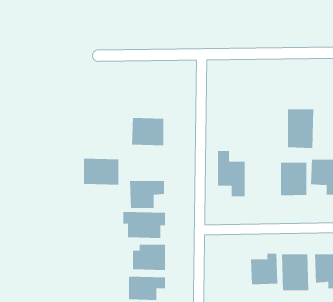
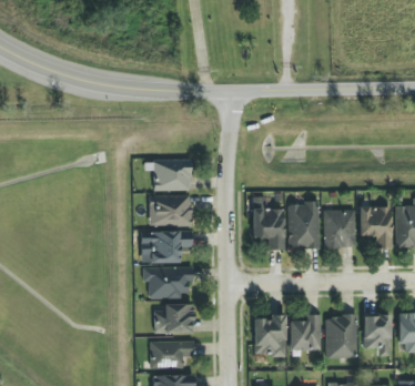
building: [287,109,314,148] -> [289,203,320,248]
building: [83,158,119,185] -> [150,195,191,226]
building: none -> [253,314,286,357]

